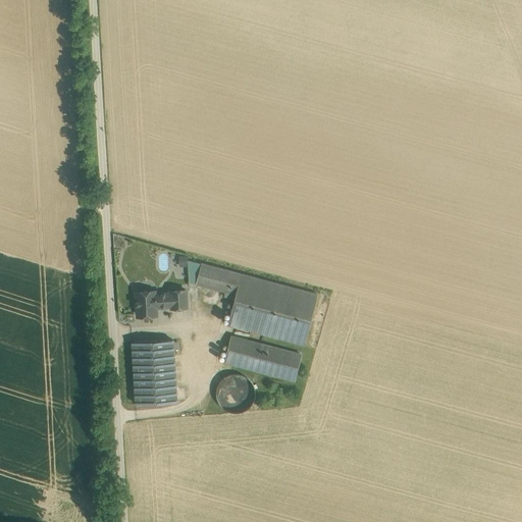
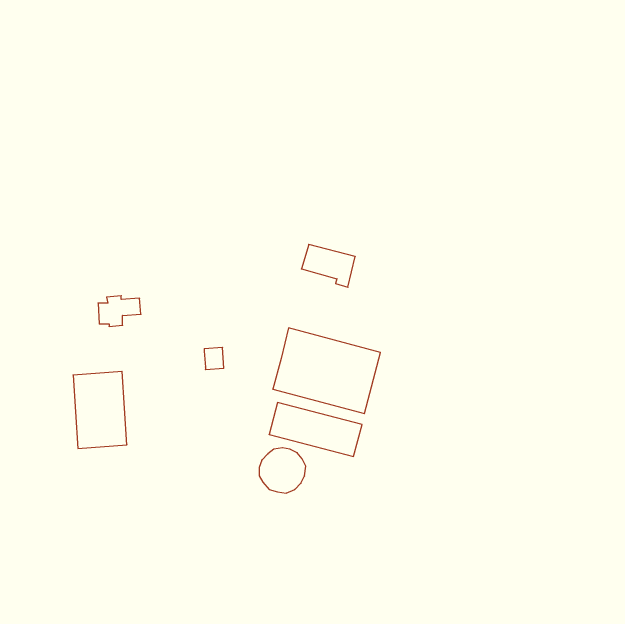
building: [196,264,241,300] -> [301,244,355,287]
building: [136,292,171,317] -> [98,296,141,326]
building: [132,341,176,405] -> [73,371,127,448]

